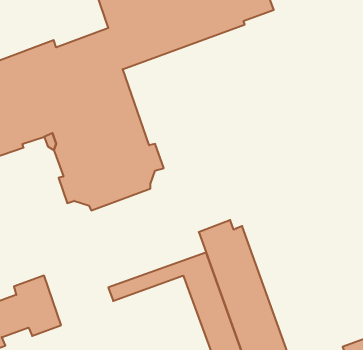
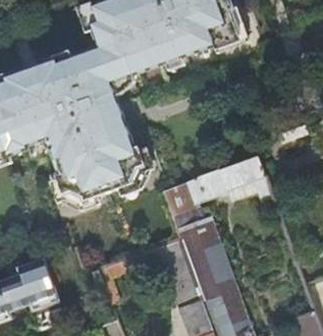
building: none -> [162,155,270,220]

